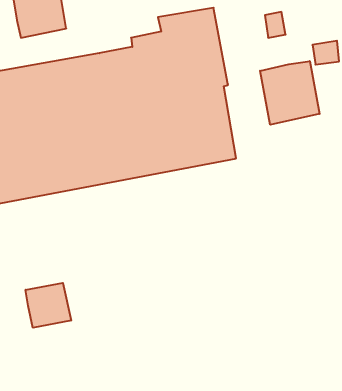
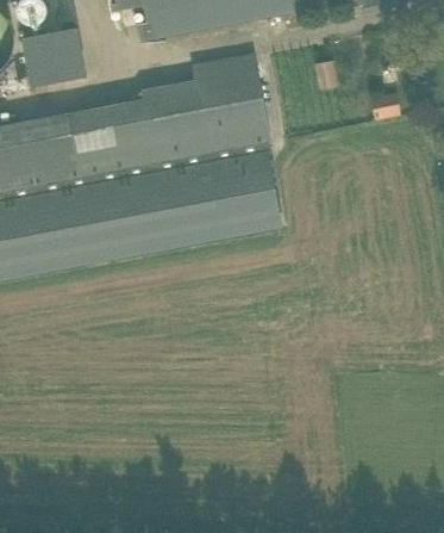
building: [260,61,320,125] -> none
building: [26,283,71,328] -> none

